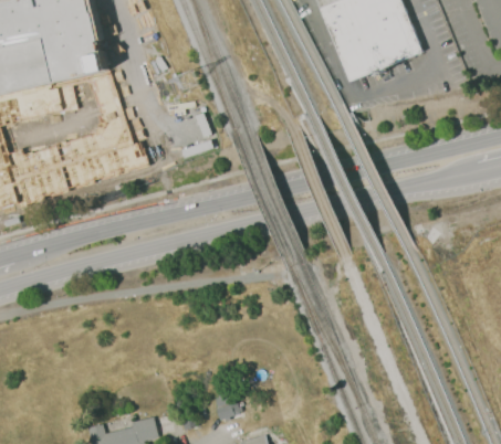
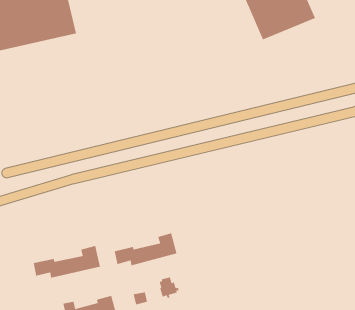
building: none -> [114,233,177,266]
building: none -> [33,245,101,279]

